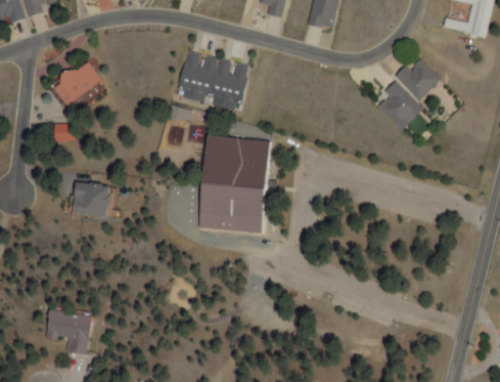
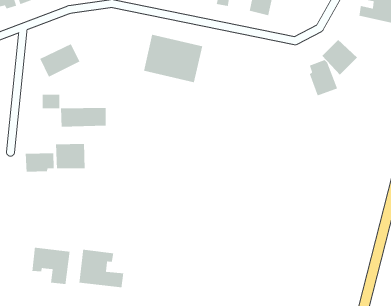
building: [198,137,266,231] -> none
building: none -> [60,107,106,128]
building: none -> [25,153,55,173]
building: none -> [78,249,124,288]

